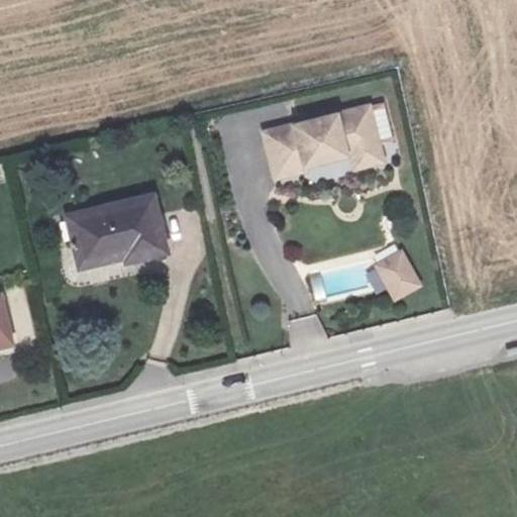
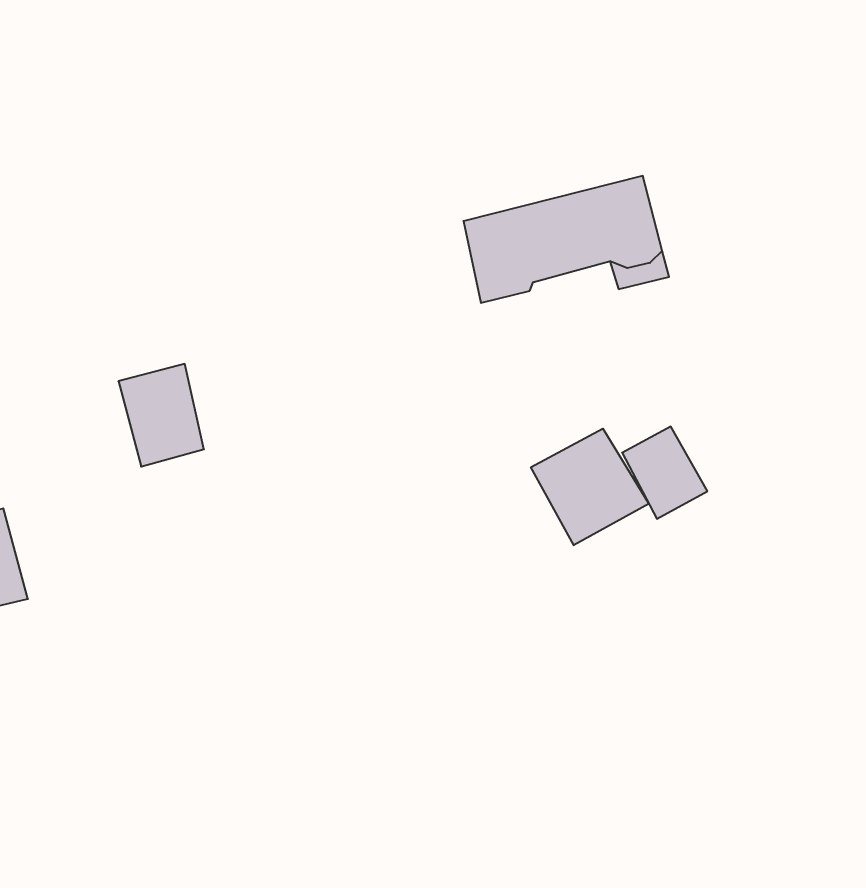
building: [107,200,171,265] -> none
building: none -> [531,429,649,545]

